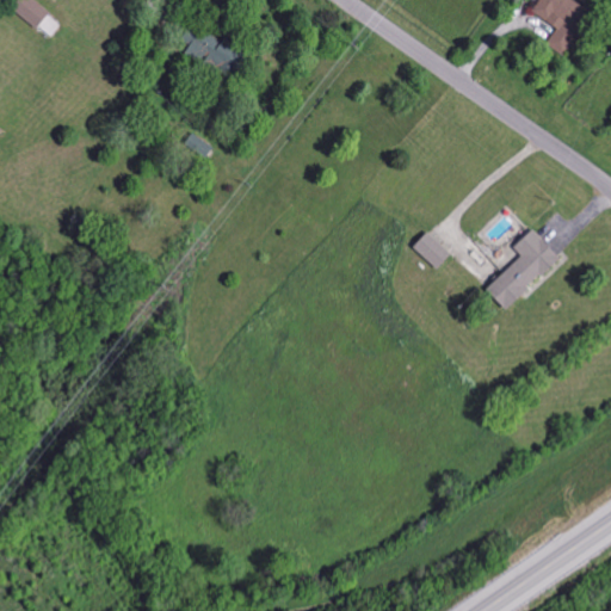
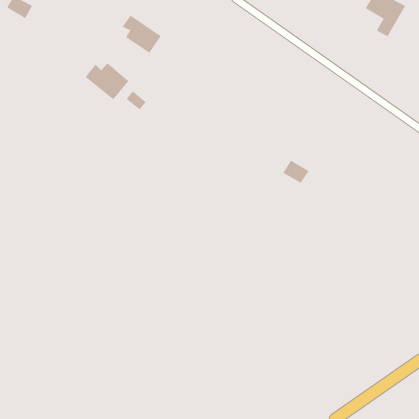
building: none -> [85,63,129,100]
building: [485,228,560,308] -> none

